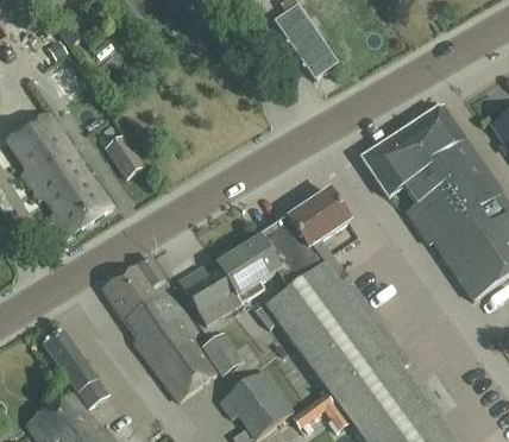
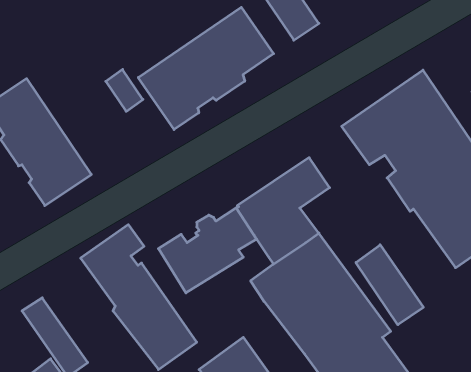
building: none -> [138,7,274,130]
building: [106,135,143,177] -> [106,69,143,111]
building: none -> [356,245,423,325]
building: [202,330,244,375] -> none

